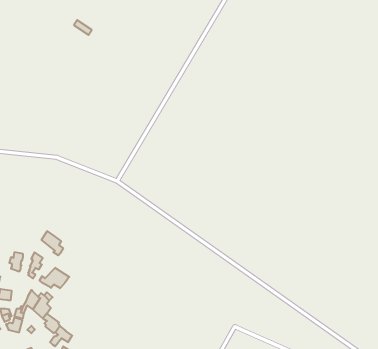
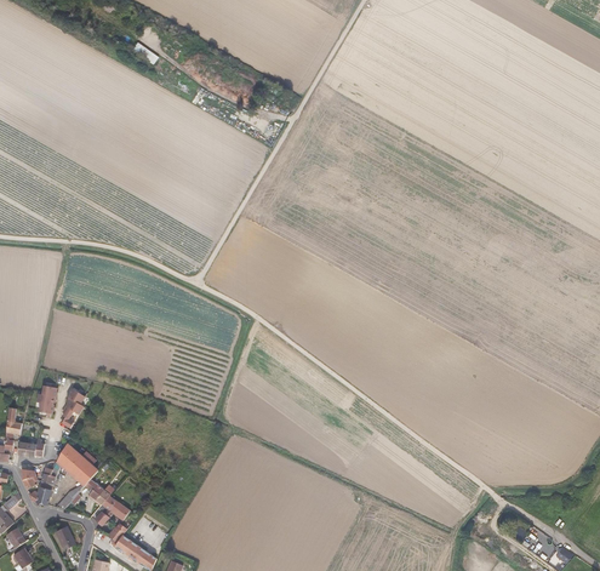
building: [42,231,63,255] -> none
building: [40,268,69,288] -> none

